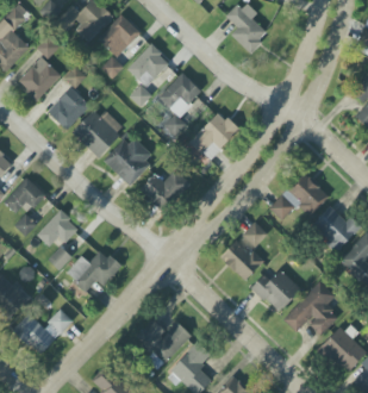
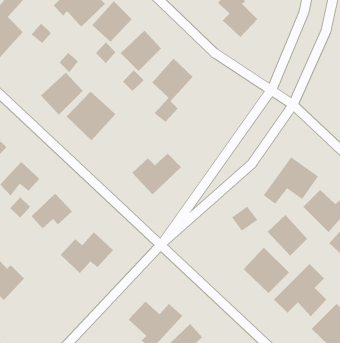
building: [17,56,61,100] -> none
building: [189,112,238,160] -> none
building: [105,135,154,185] -> none
building: [219,238,261,281] -> [267,214,308,256]
building: [13,308,73,355] -> none

